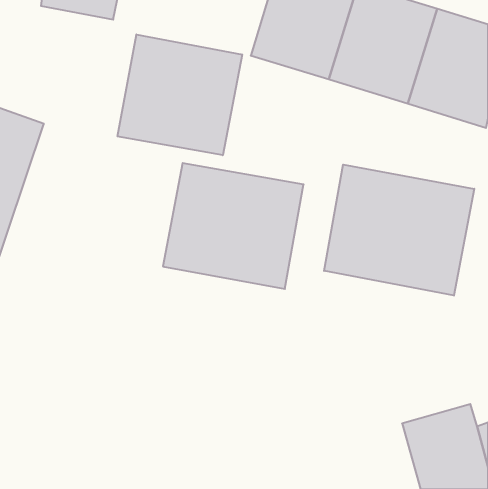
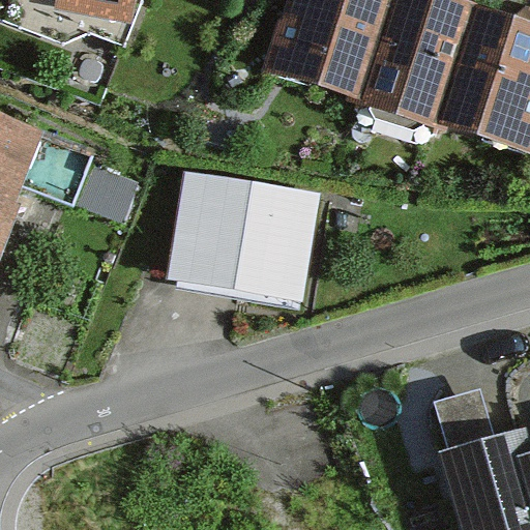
building: [118,34,242,155] -> none
building: [324,165,474,296] -> none

